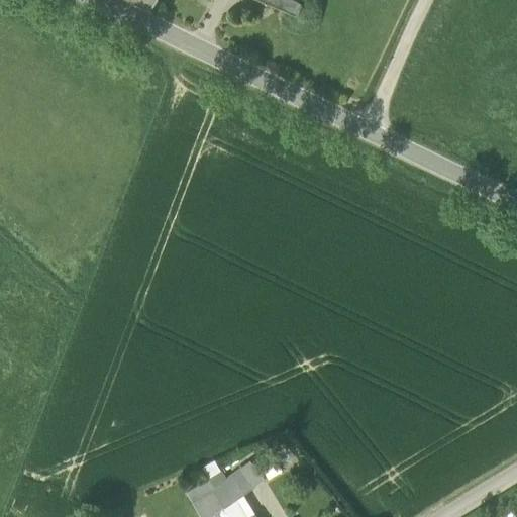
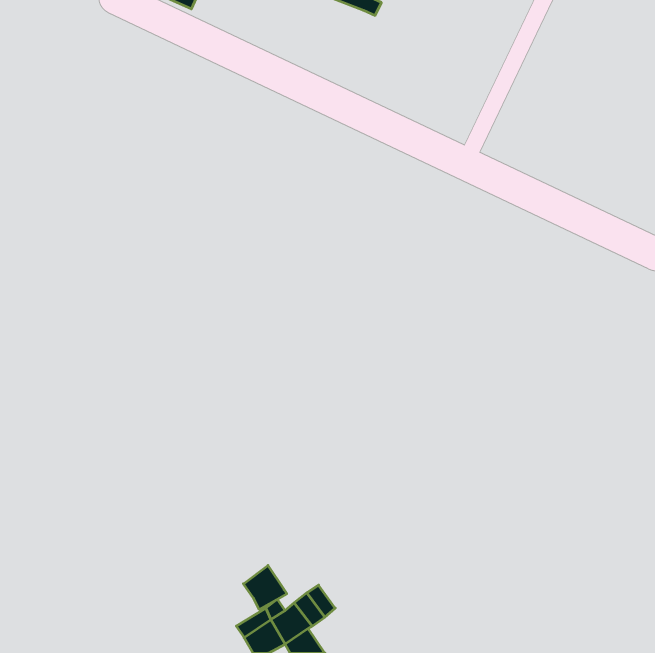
building: none -> [243,565,287,609]

